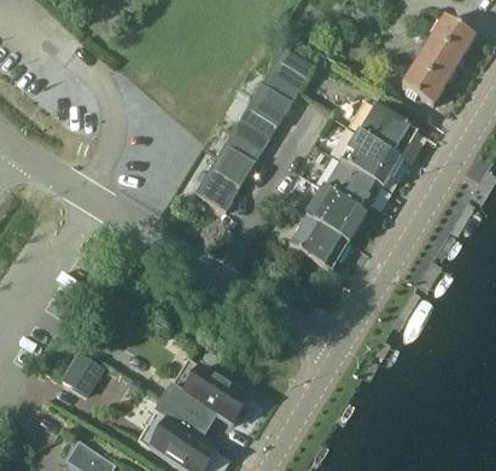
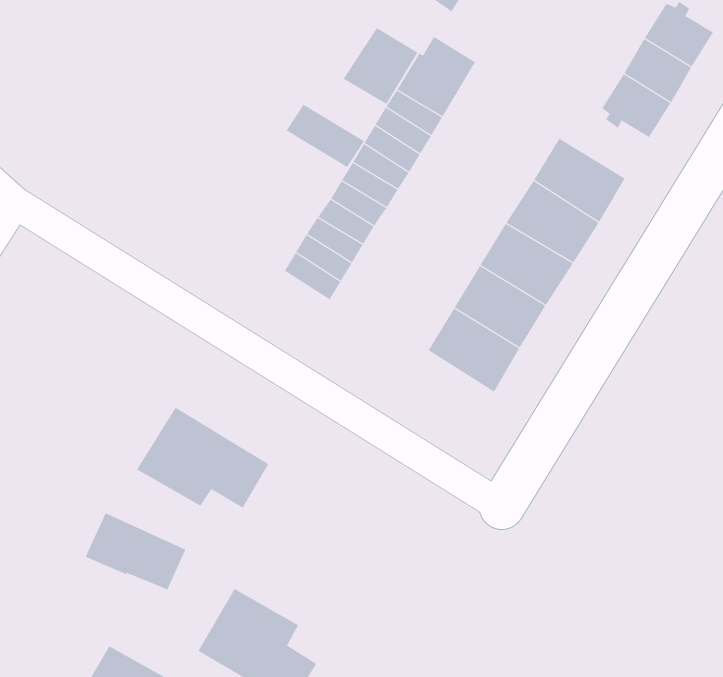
building: none -> [343,27,418,105]
building: none -> [286,104,365,168]
building: [162,357,249,424] -> [136,407,269,508]

